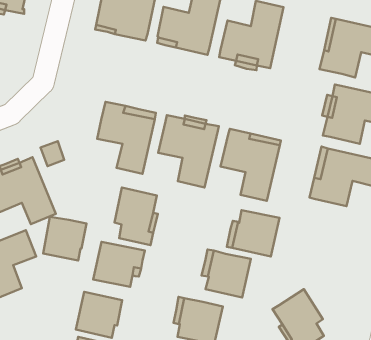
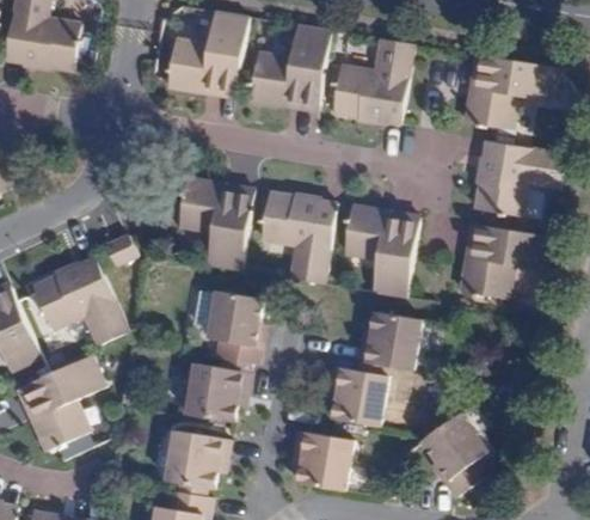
building: [43,217,87,260] -> none

